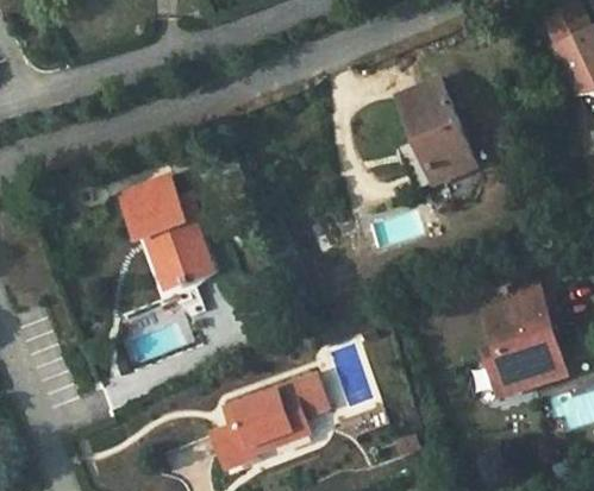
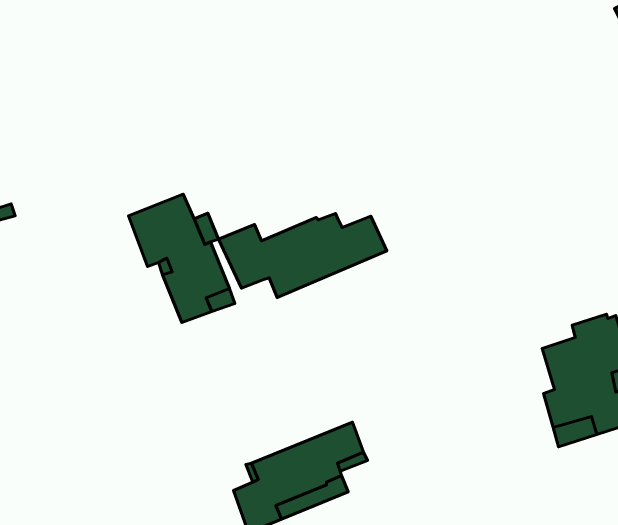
building: [398,81,477,191] -> none
building: none -> [219,214,387,297]

